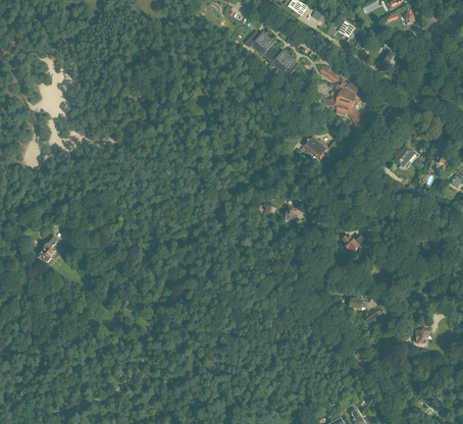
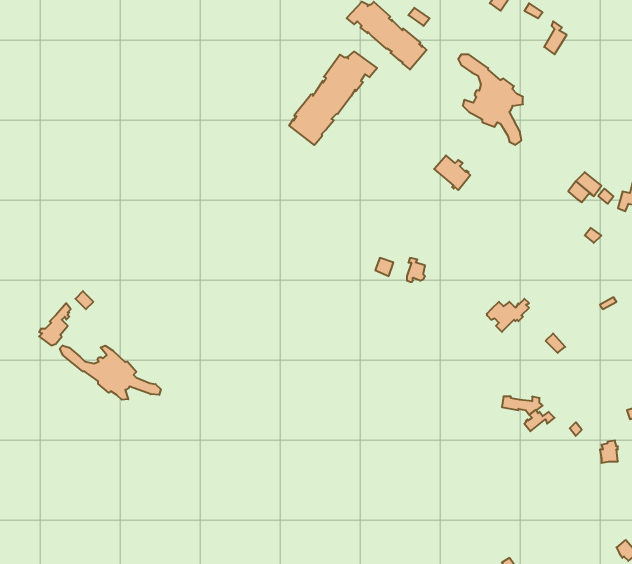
building: none -> [289,52,377,145]
building: none -> [60,345,161,400]

